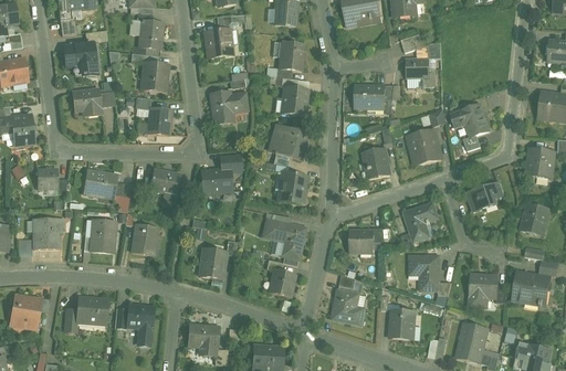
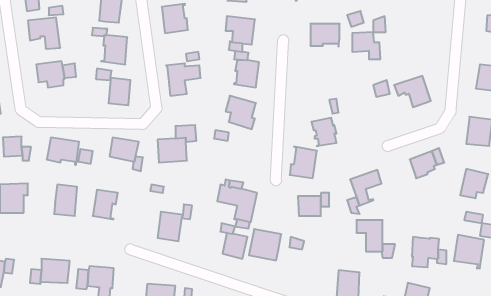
building: [354,84,385,108] -> [310,24,340,47]
building: [407,128,441,165] -> none
building: [277,171,306,204] -> [290,147,317,178]
building: [332,290,366,324] -> [249,229,281,260]

